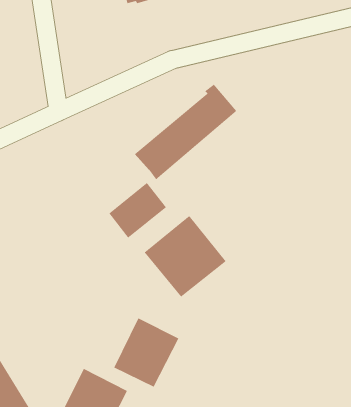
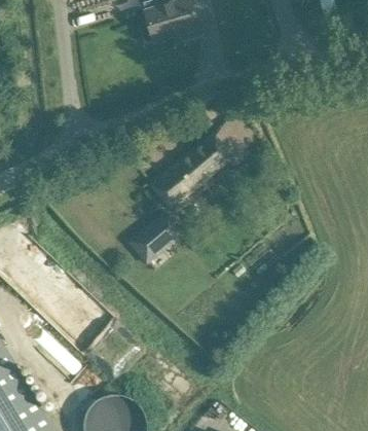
building: [144,215,226,297] -> none
building: [113,318,179,388] -> none

